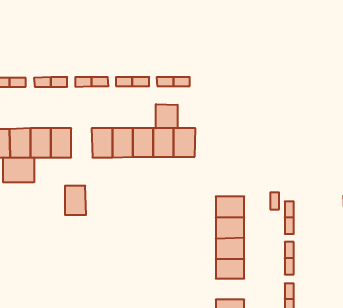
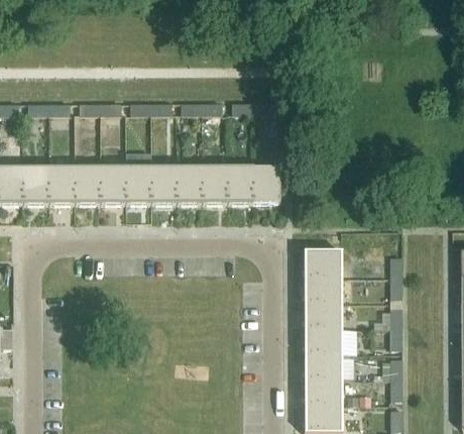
building: [156,104,178,128] -> none
building: [3,157,34,182] -> none
building: [65,186,86,215] -> [125,167,151,203]
building: none -> [305,353,340,379]

